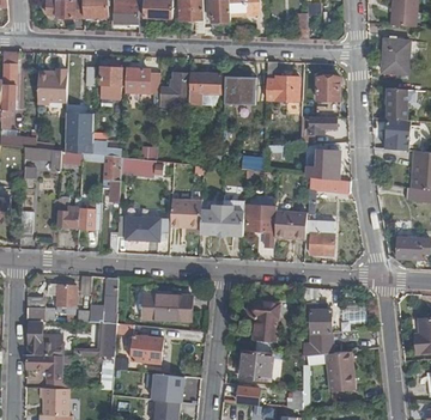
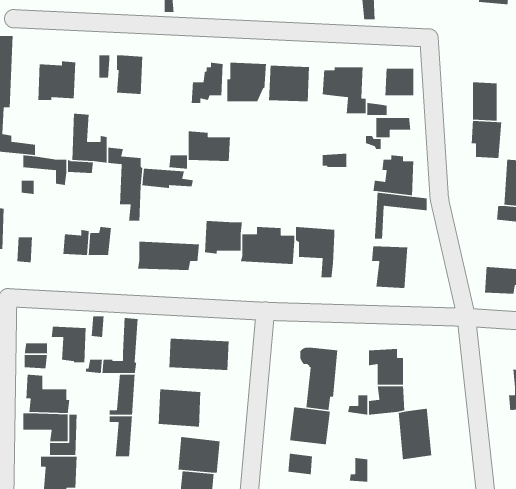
building: [382,38,411,73] -> none
building: [126,67,160,92] -> [188,131,231,162]
building: [275,211,308,238] -> none

